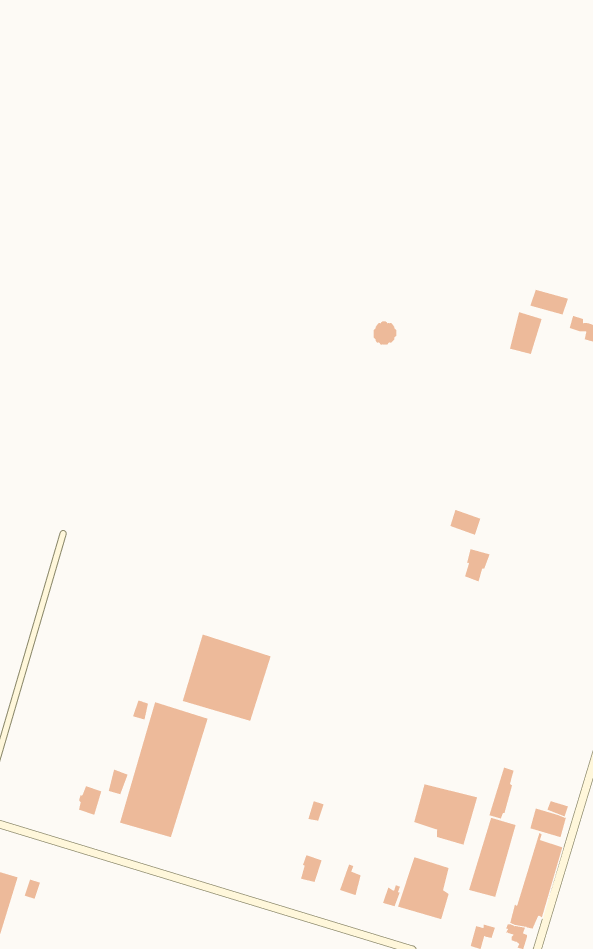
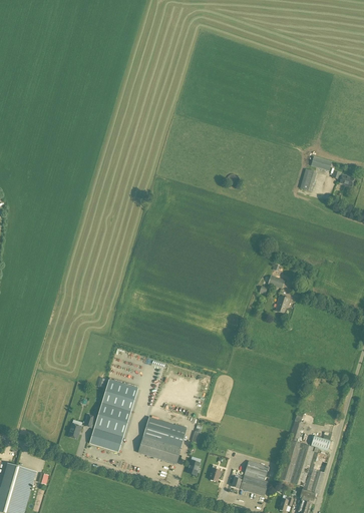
building: [182,634,271,722] -> [138,417,187,464]
building: [414,783,478,845] -> none

